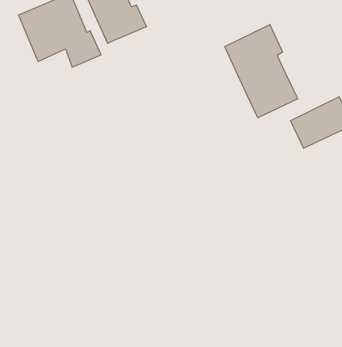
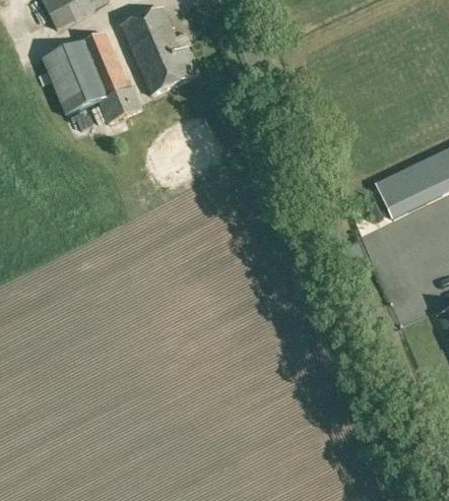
building: [225,24,298,118] -> none

